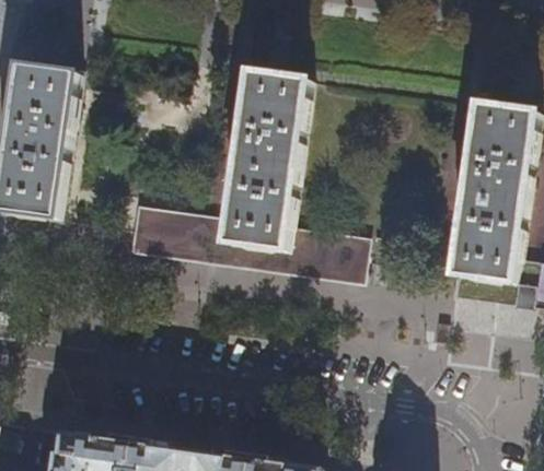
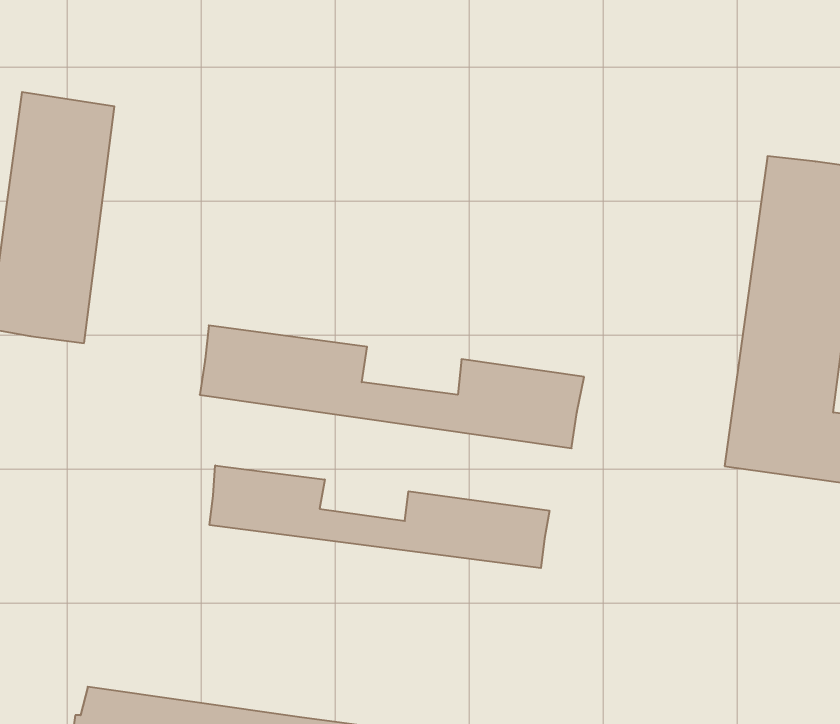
building: [224,71,306,250] -> none
building: none -> [210,465,549,568]

